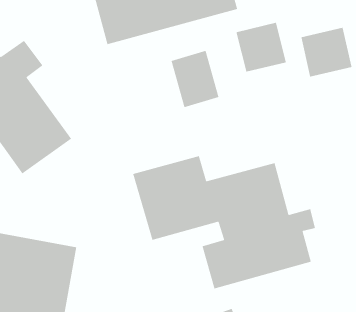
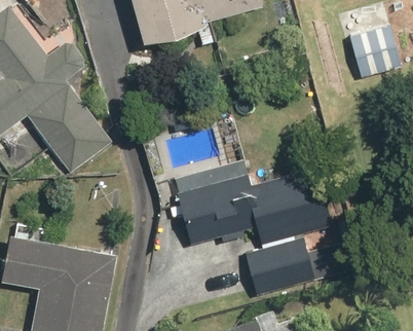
building: [235,22,287,73] -> none
building: [170,50,220,108] -> none

